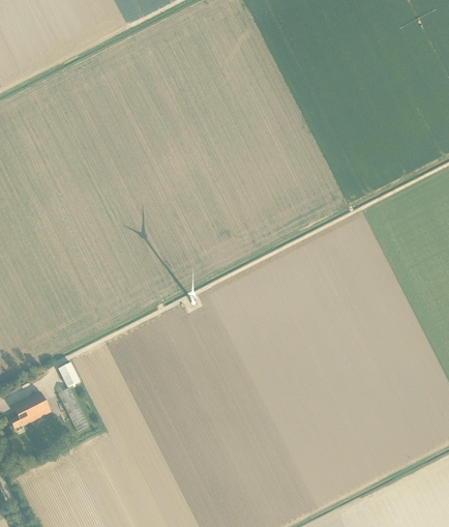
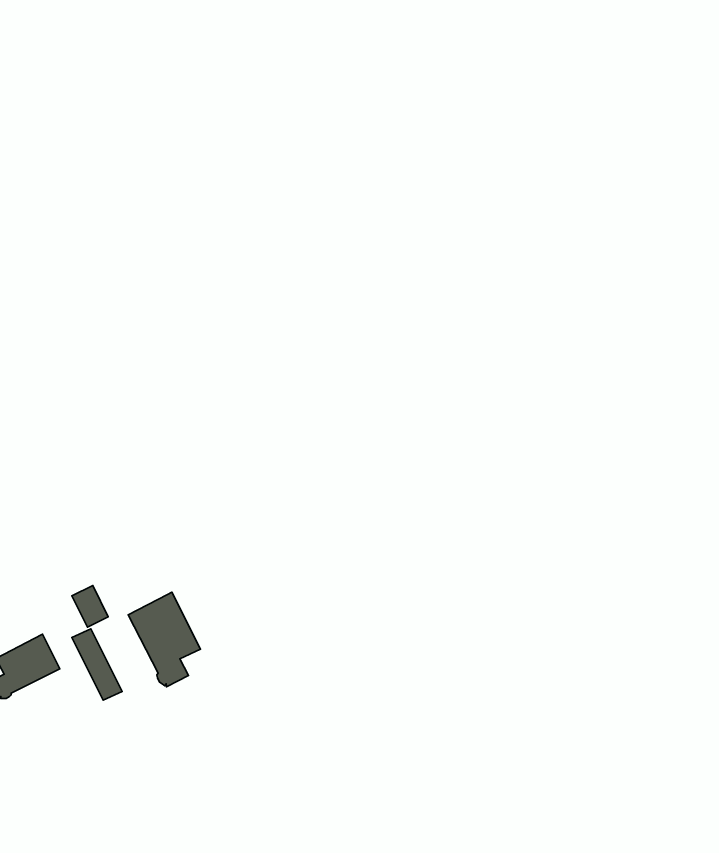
building: none -> [128,592,200,687]

